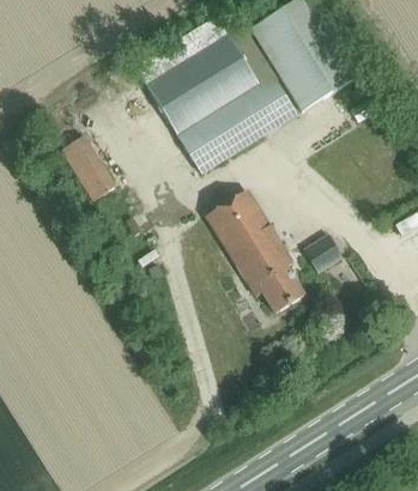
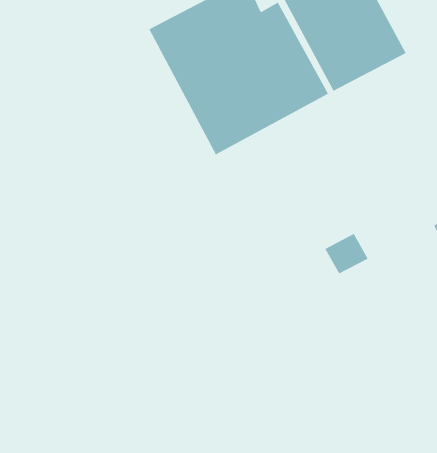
building: [61,137,117,202] -> none
building: [207,192,305,314] -> none

